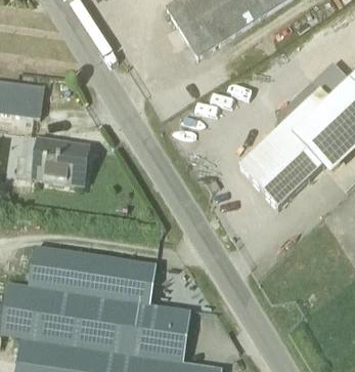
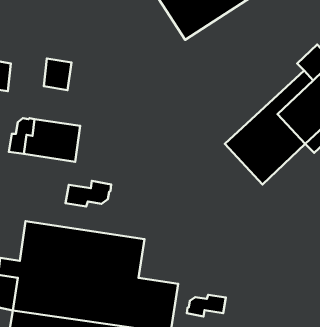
building: [13,82,42,115] -> [44,58,72,90]
building: none -> [65,181,111,206]
building: none -> [187,295,226,317]

